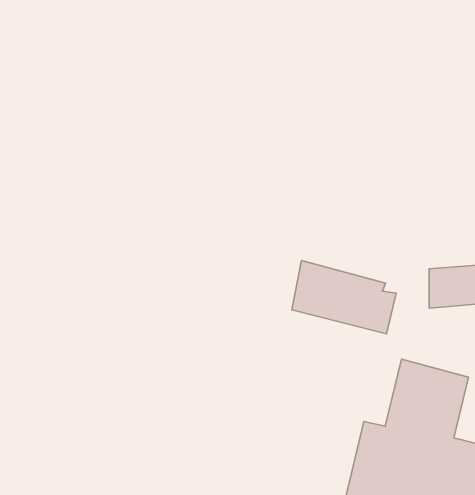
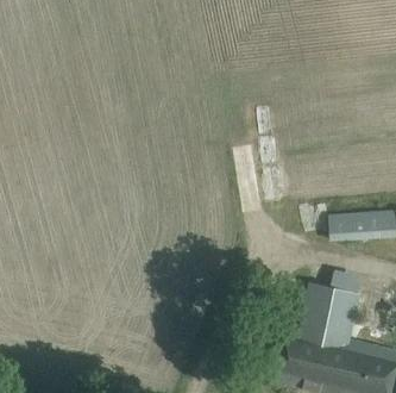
building: [292,260,396,334] -> none

